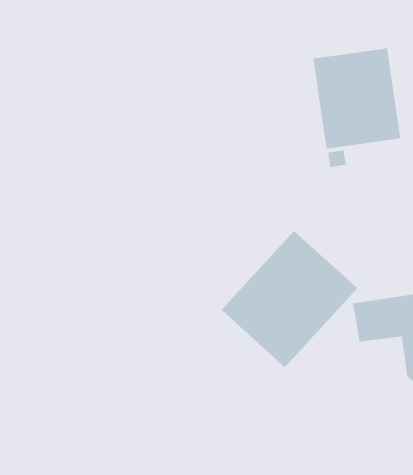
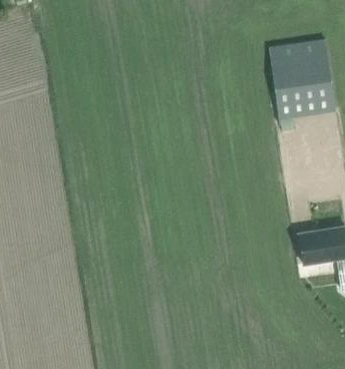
building: [221,230,358,368] -> none

